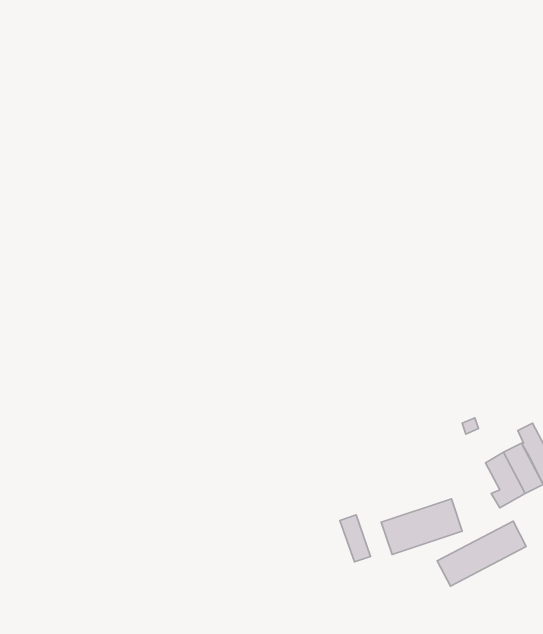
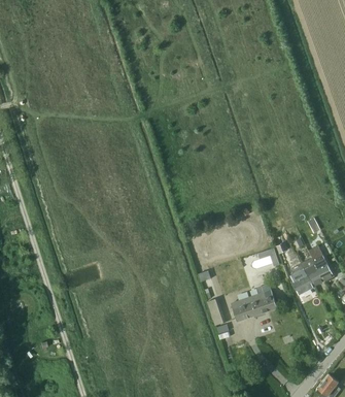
building: [437,521,526,586] -> none

